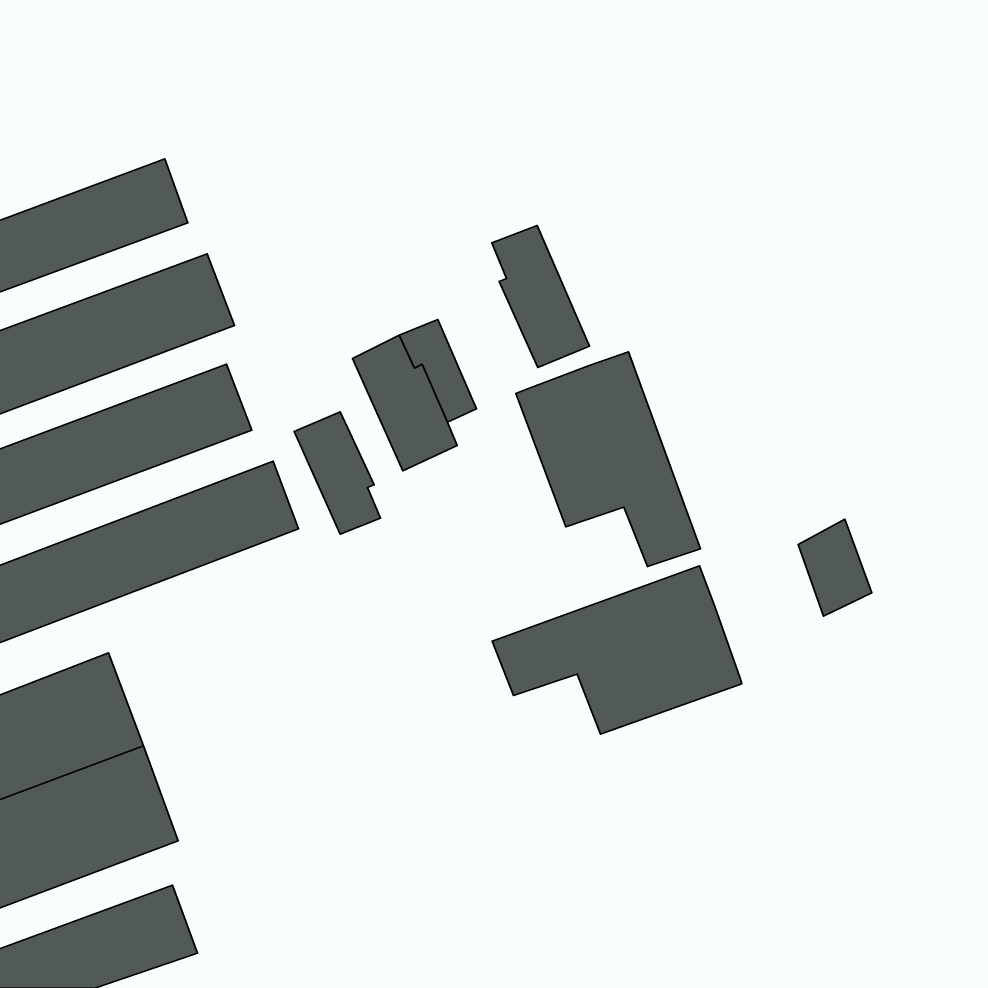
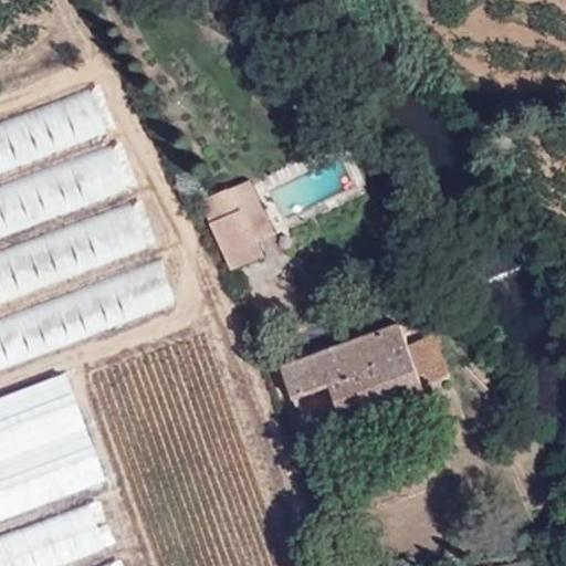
building: [492,226,590,368] -> none
building: [516,352,700,567] -> none
building: [294,412,380,534] -> none
building: [798,519,872,616] -> [408,332,450,387]

